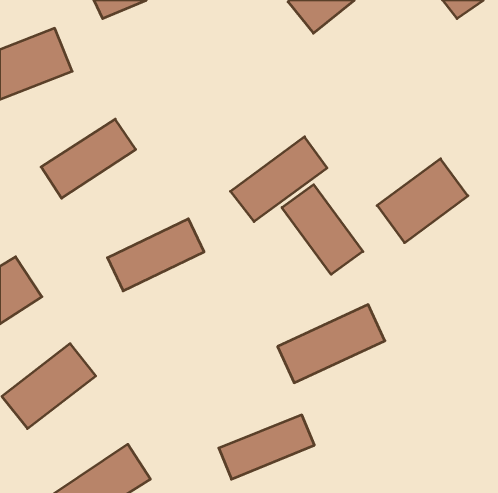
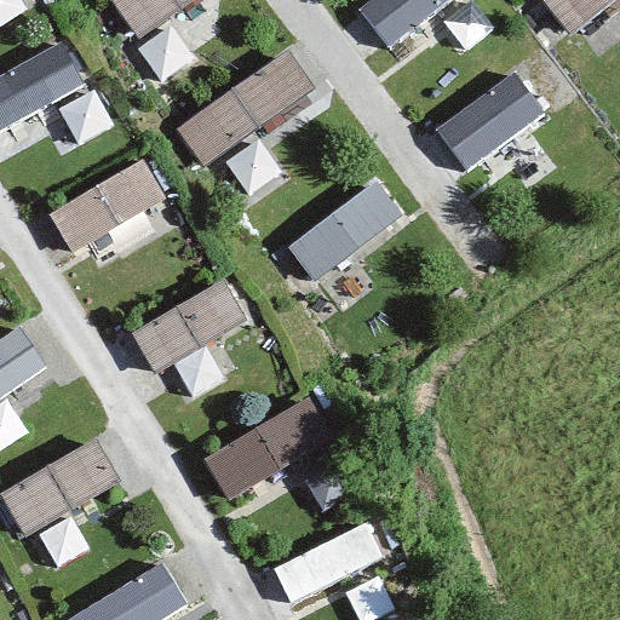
building: none -> [173,51,317,171]
building: [377,159,468,243] -> [434,67,546,171]
building: [282,185,363,274] -> none
building: [278,305,385,383] -> [203,400,337,496]

